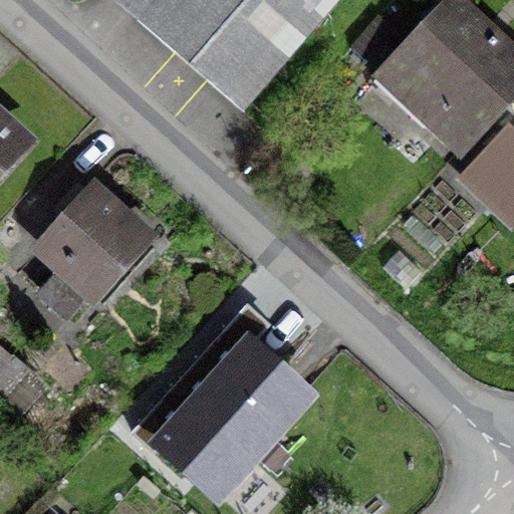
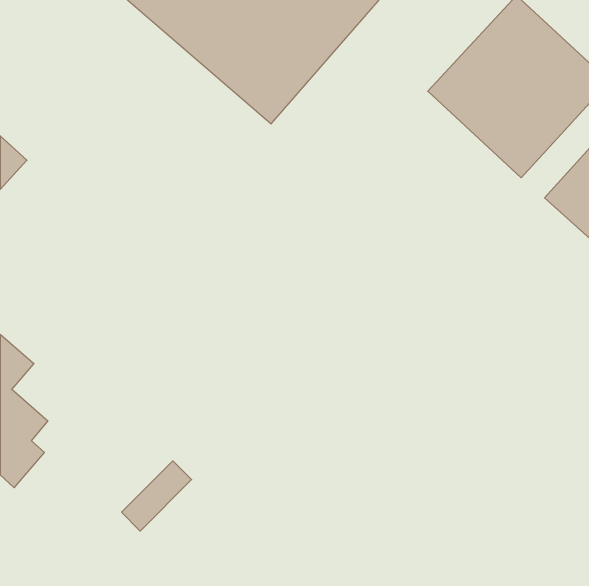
building: [28,185,152,318] -> none
building: [185,344,300,476] -> none

